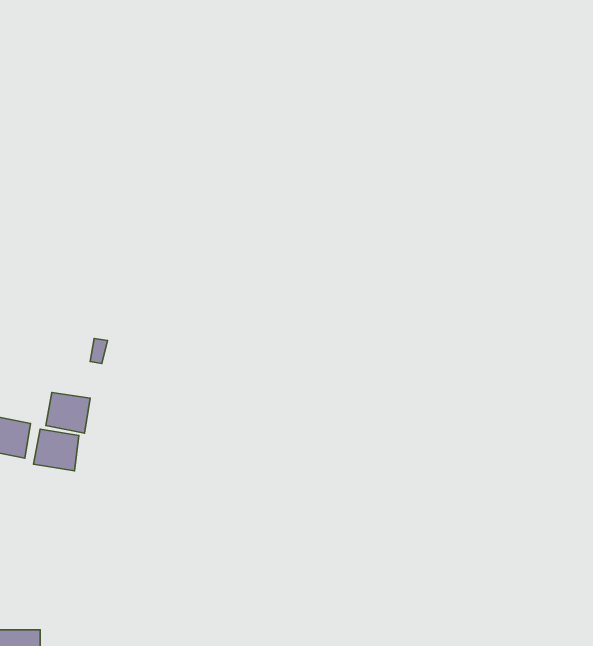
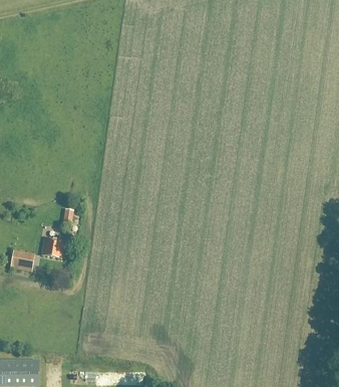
building: [34,429,79,471] -> none

